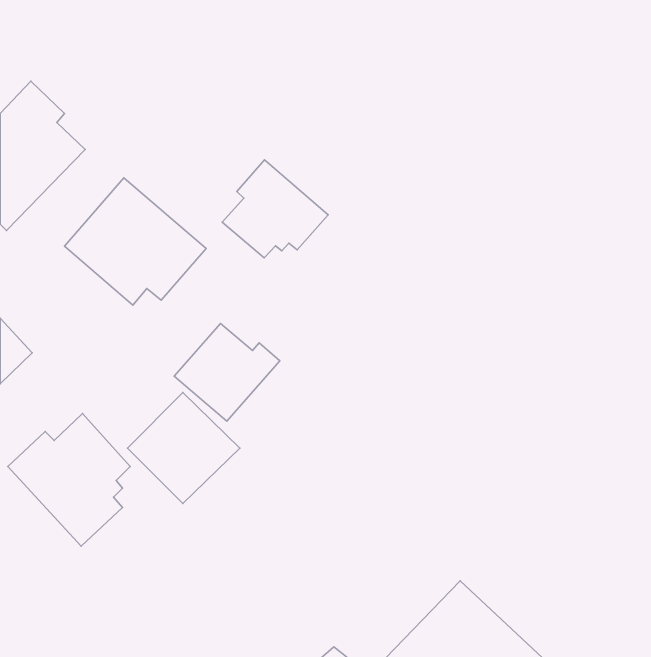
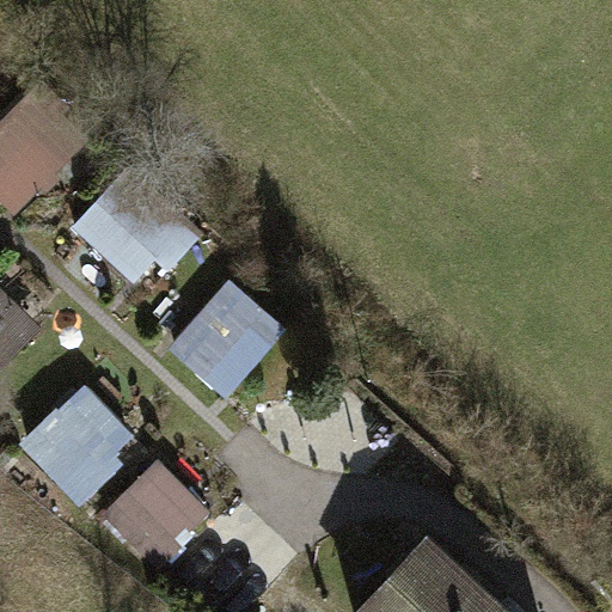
building: [222,160,328,258] -> none
building: [128,393,240,503] -> [102,463,206,565]

